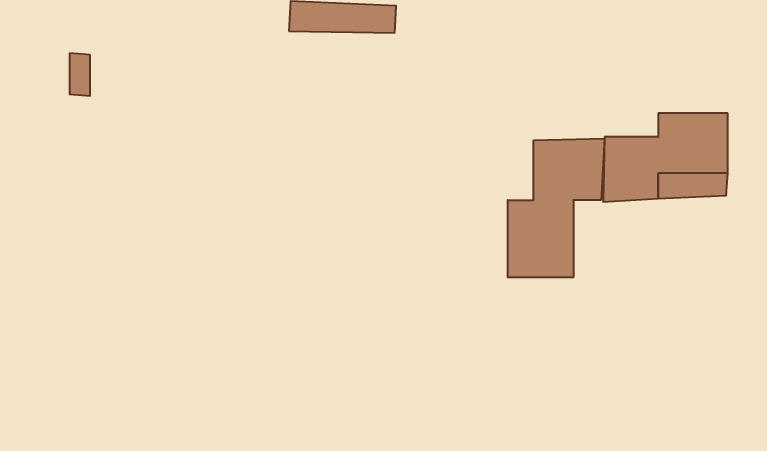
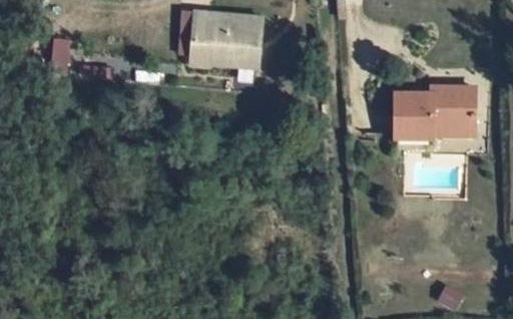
building: none -> [192,32,261,67]
building: [508,139,605,277] -> none

